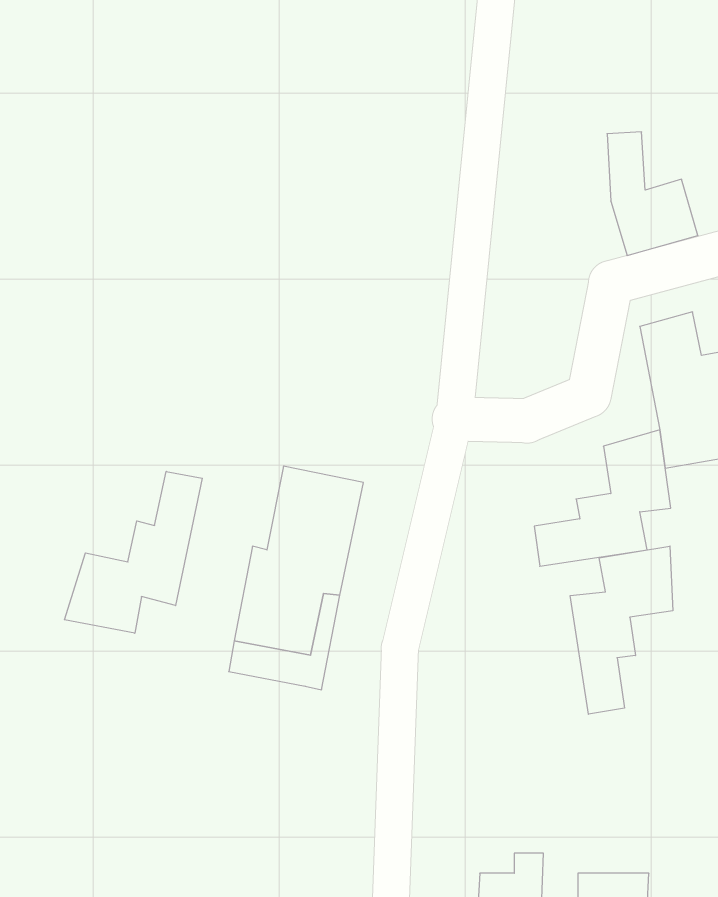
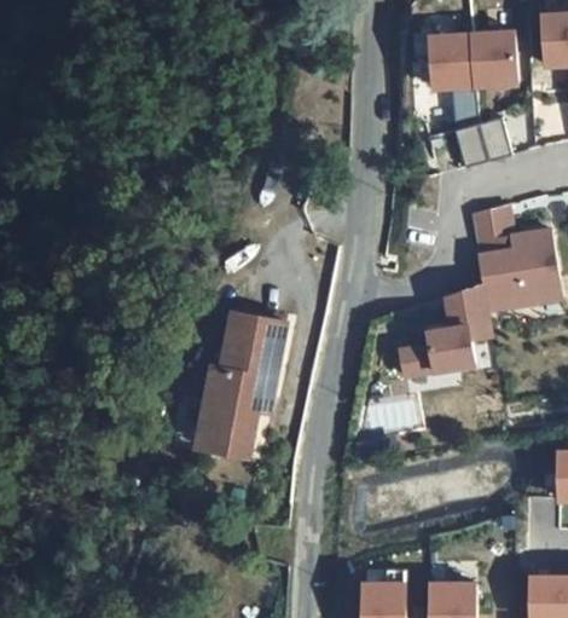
building: none -> [427,33,512,92]
building: [64,471,202,633] -> none
building: [570,546,673,714] -> none

